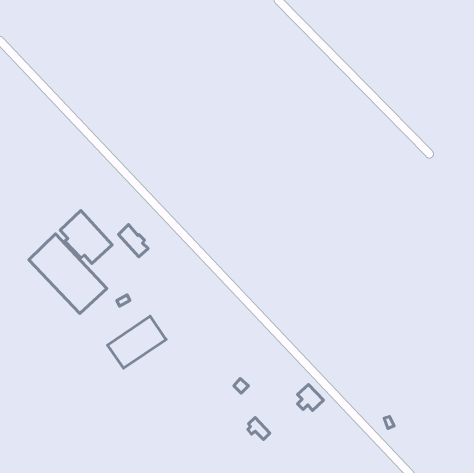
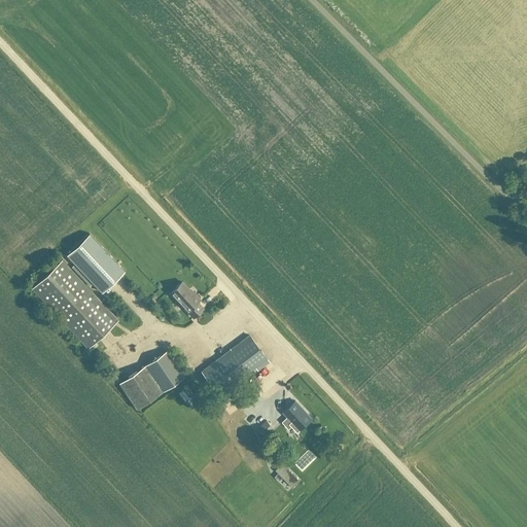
building: [118,224,148,257] -> [171,283,204,319]
building: none -> [202,337,268,405]
building: [297,384,323,410] -> [283,402,312,431]

